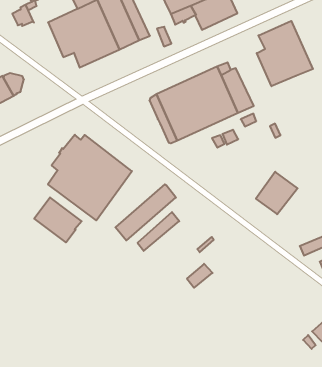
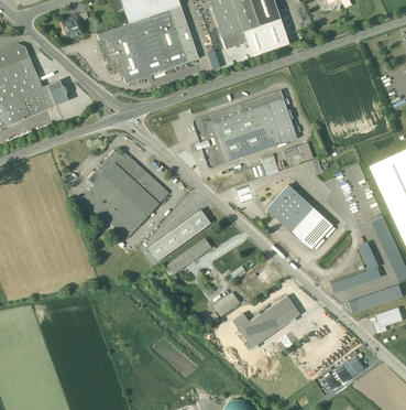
building: [257,21,313,86] -> none
building: none -> [265,184,312,231]
building: [34,197,82,242] -> none
building: none -> [232,294,300,347]

